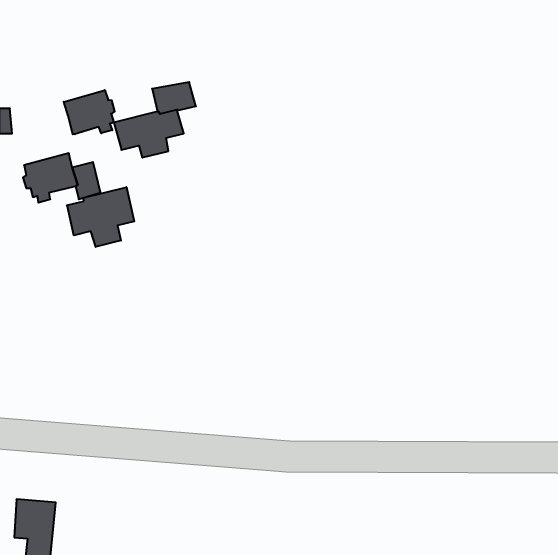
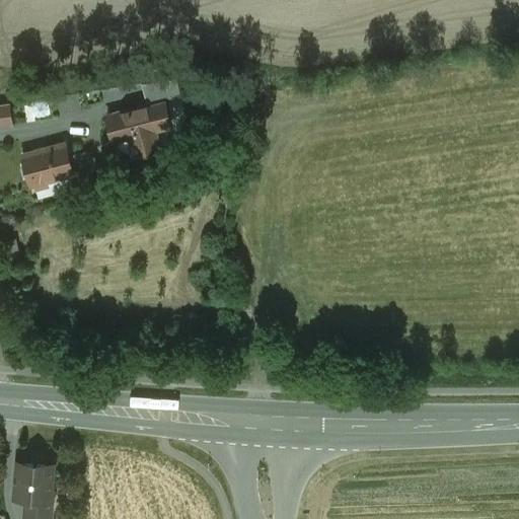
building: [64,90,115,134] -> none
building: [67,187,134,247] -> none

